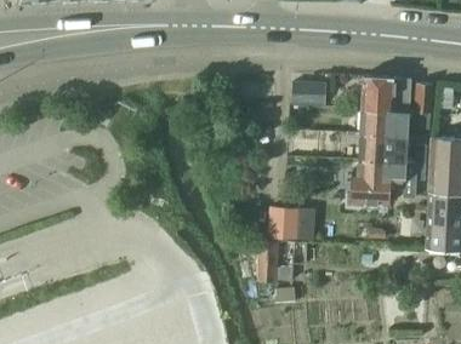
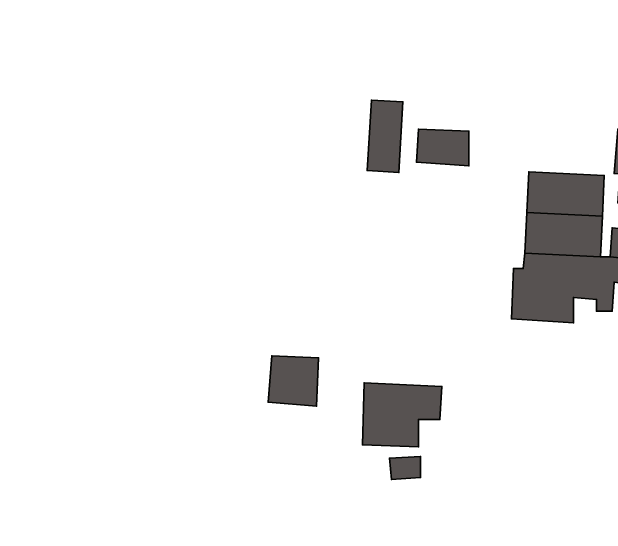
building: none -> [367,100,403,172]
building: [362,75,410,111] -> none
building: [267,207,298,239] -> [268,356,318,406]

